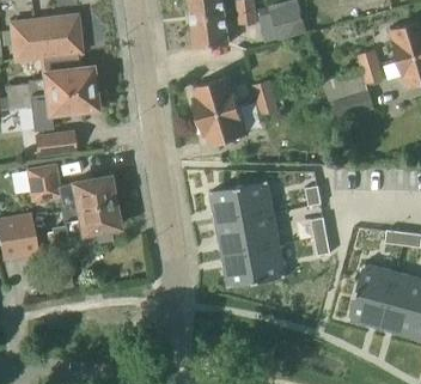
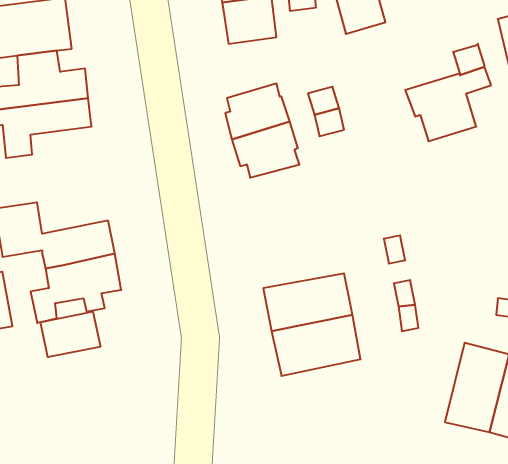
building: [35,129,77,157] -> none
building: [214,182,279,225] -> none
building: none -> [40,312,100,357]

